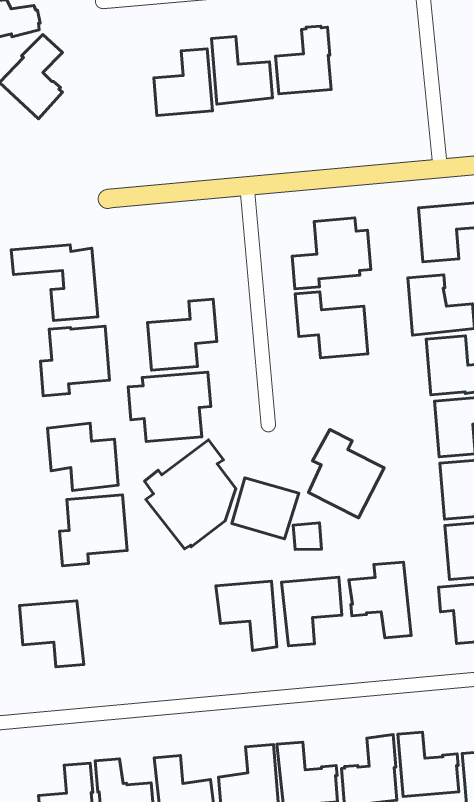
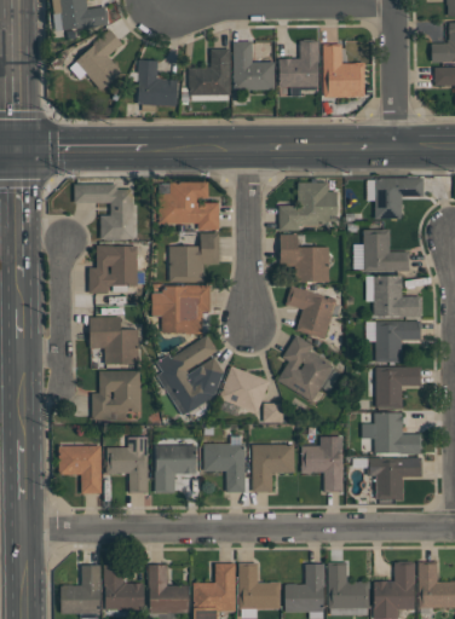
building: none -> [323,45,365,98]
building: none -> [138,60,177,106]
building: none -> [161,183,219,230]
building: none -> [286,285,336,340]
building: none -> [106,438,148,493]
building: none -> [155,446,196,493]

